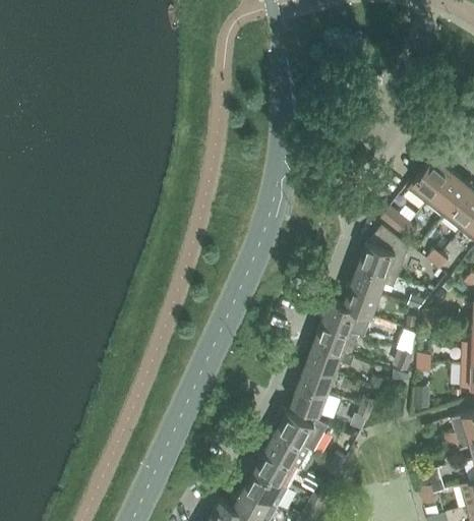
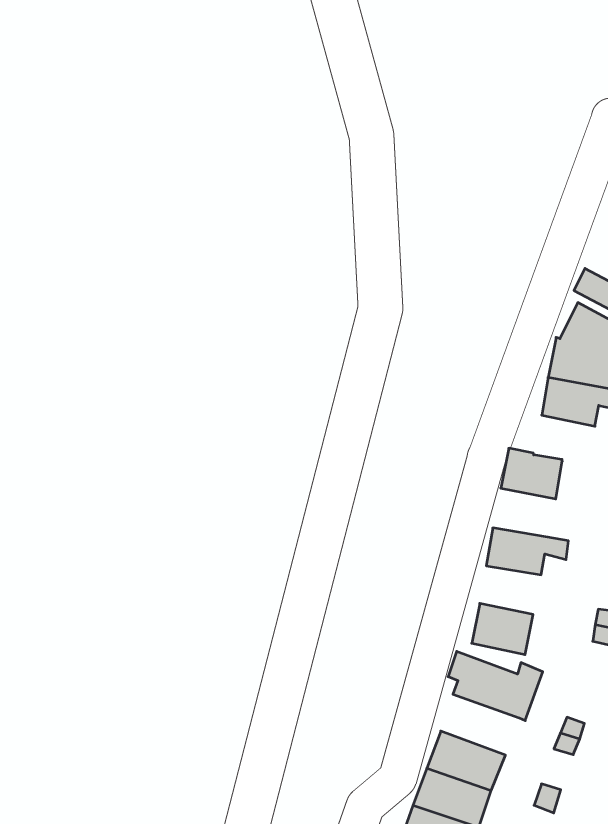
building: [342,287,378,320] -> none
building: [312,324,350,355] -> none
building: [298,365,335,397] -> none
building: [264,433,309,472] -> none

